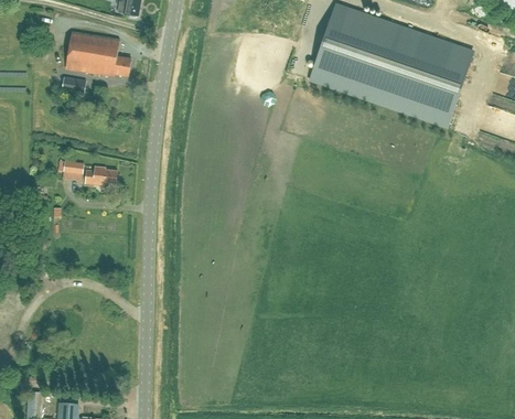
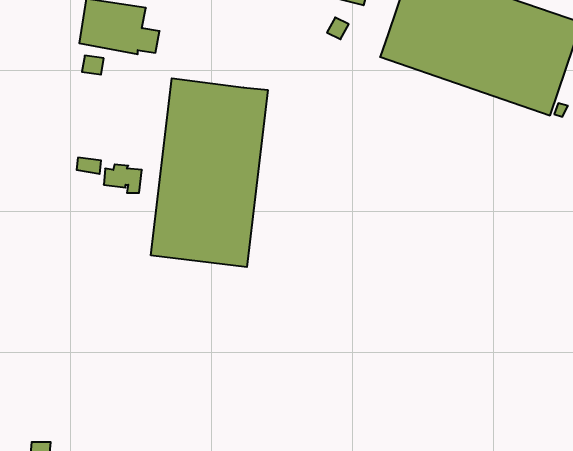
building: none -> [151,78,268,267]

